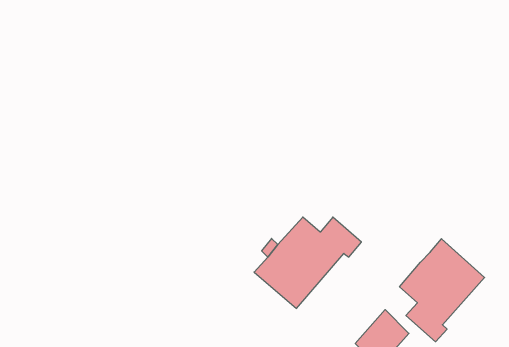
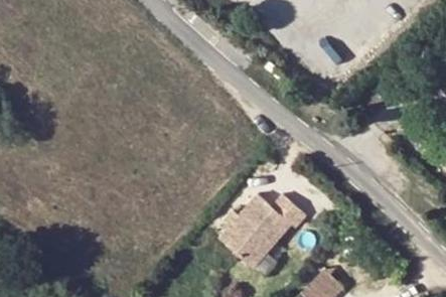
building: [400,239,485,342] -> none

